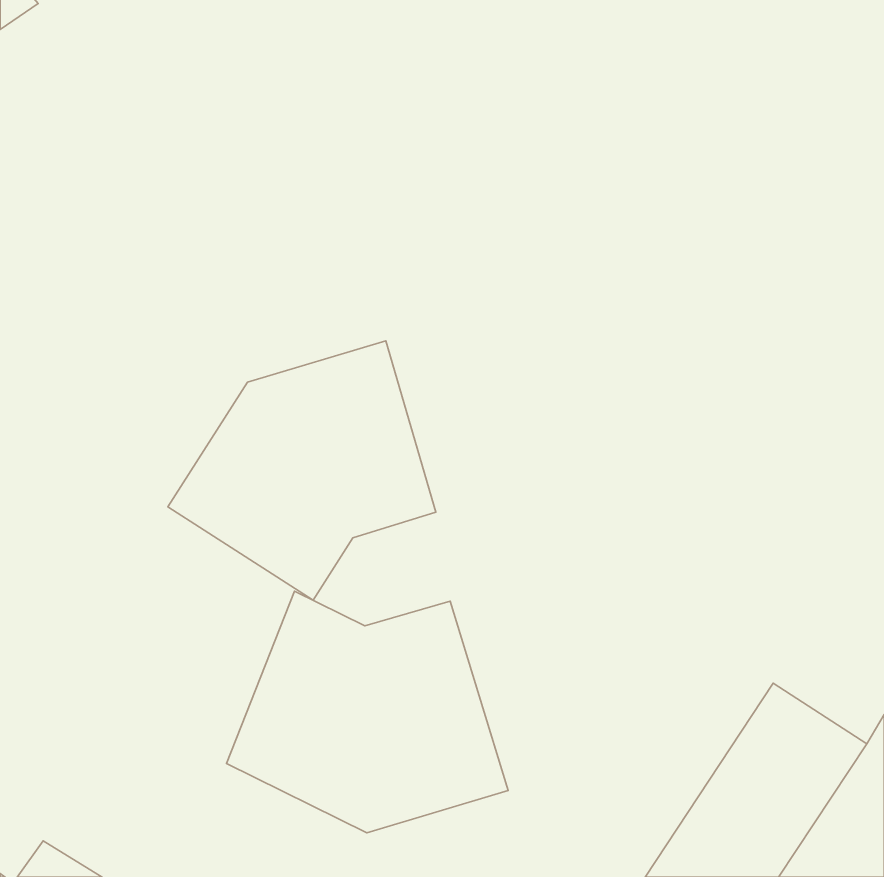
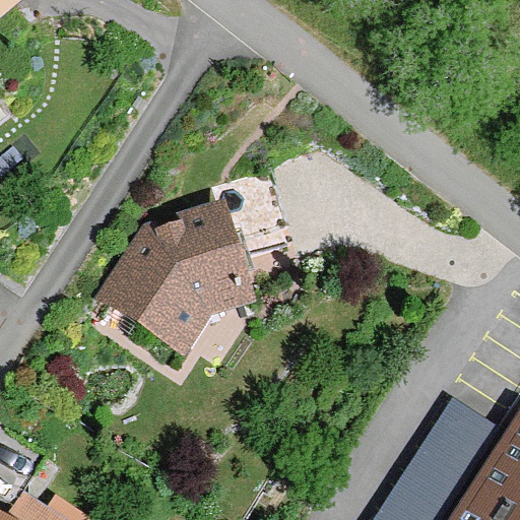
building: [226,591,508,833] -> none

